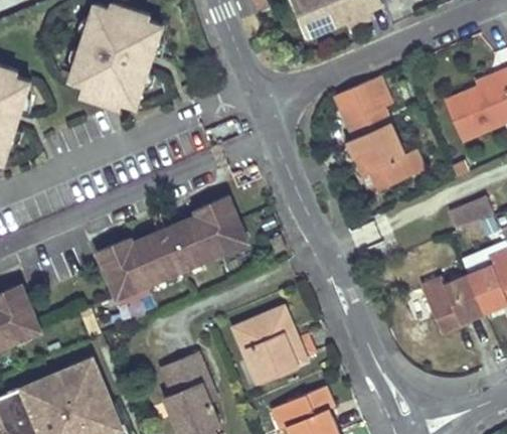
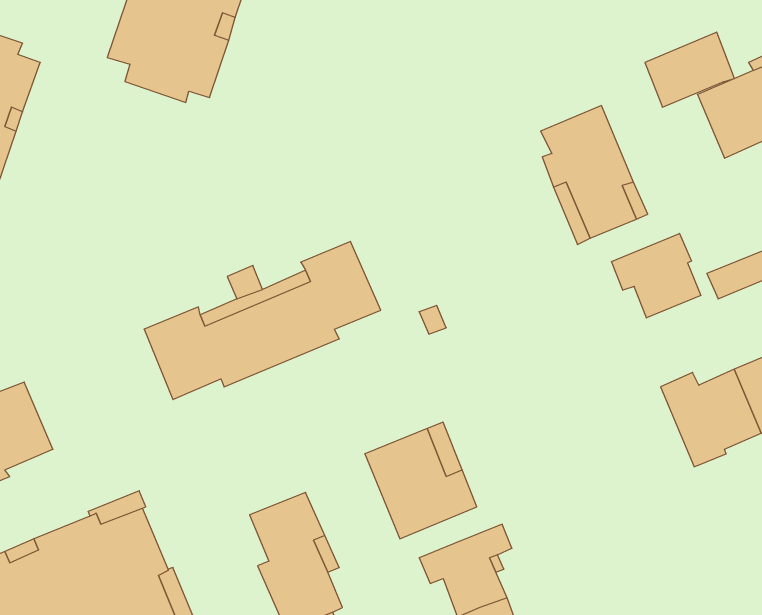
building: [335,78,391,125] -> [645,32,734,107]
building: none -> [612,233,701,318]

